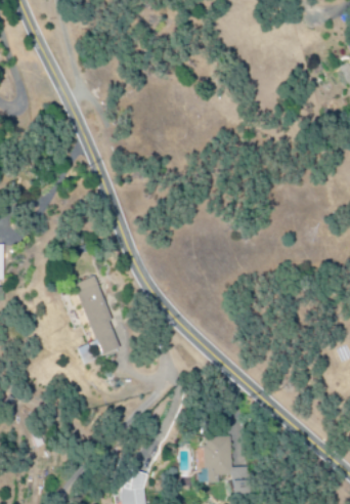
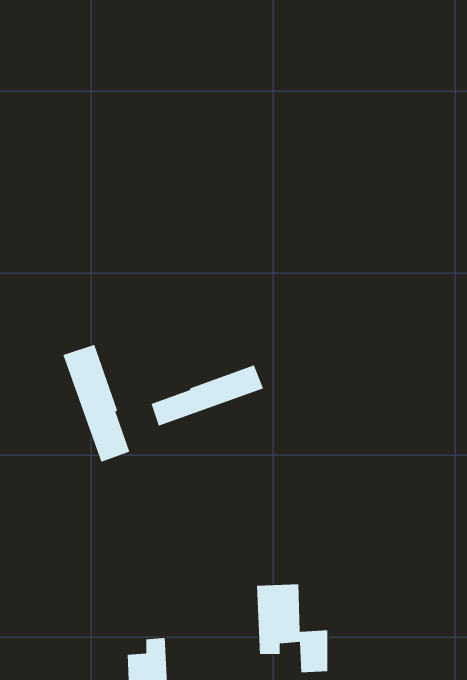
building: none -> [151,364,264,427]

